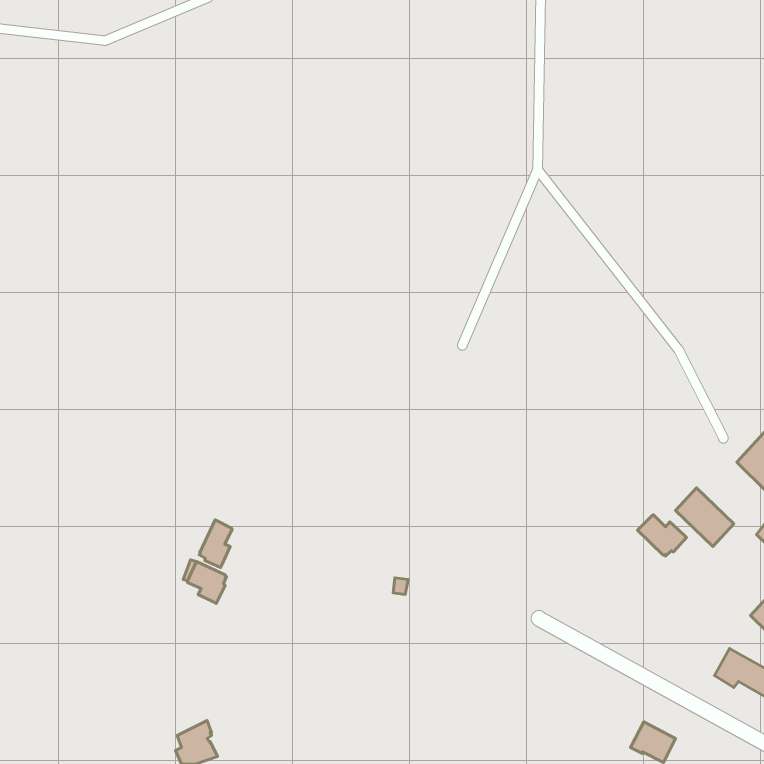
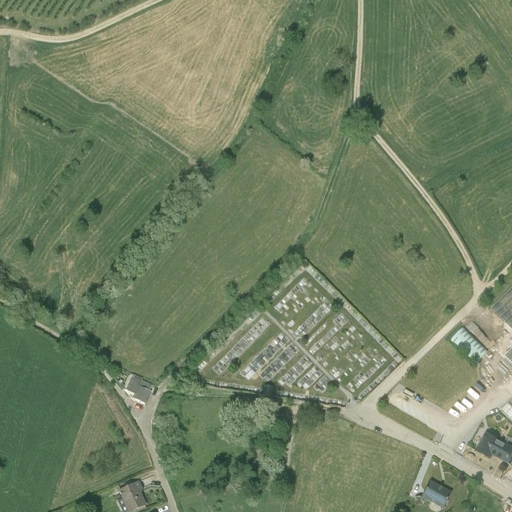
building: [637,515,687,556] -> none
building: [199,520,232,568] -> none

